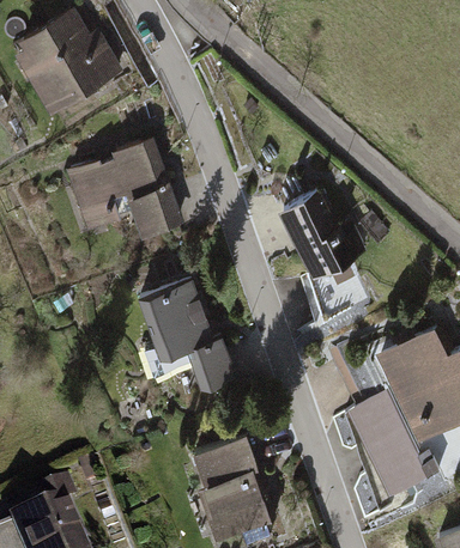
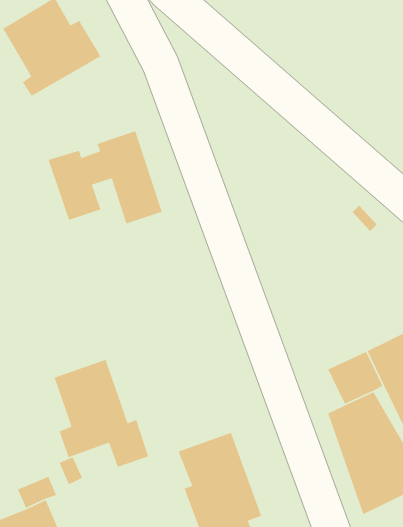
building: [279,189,365,324] -> none
building: [139,280,232,386] -> [53,359,149,468]

